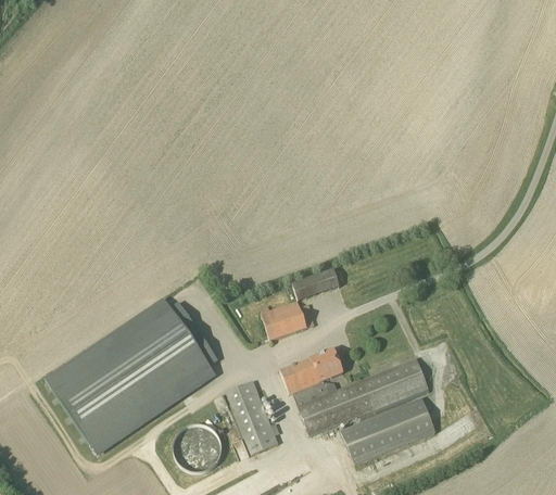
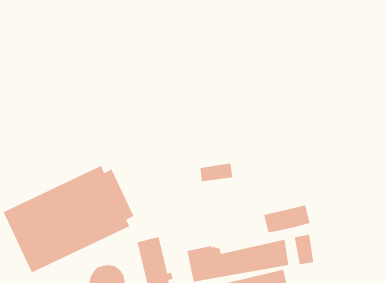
building: [261,302,315,341] -> none
building: none -> [294,234,314,265]
building: [280,348,343,393] -> [263,204,310,233]

